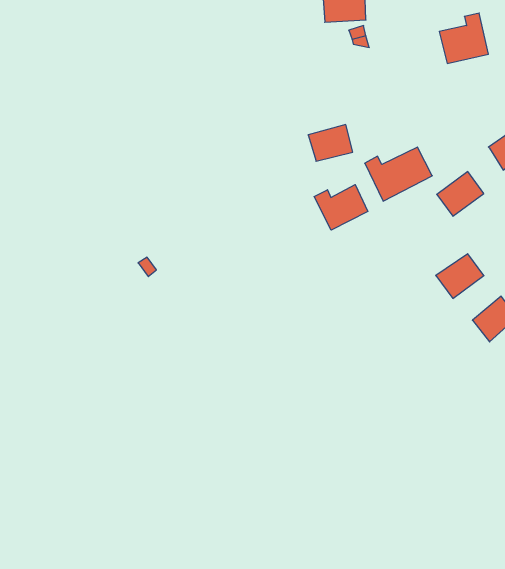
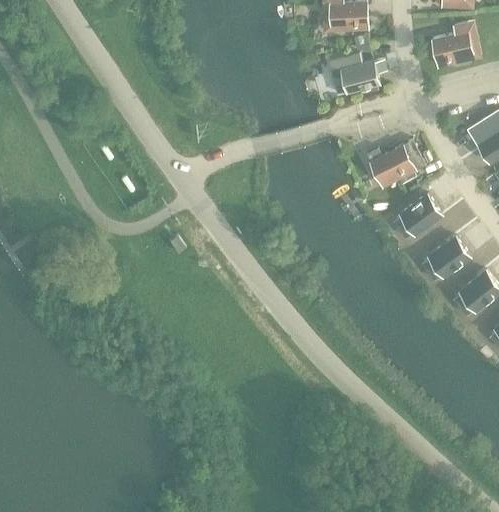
building: [308,125,353,161] -> [340,61,379,93]
building: [437,172,484,216] -> [400,195,441,234]
building: [314,185,368,230] -> none

